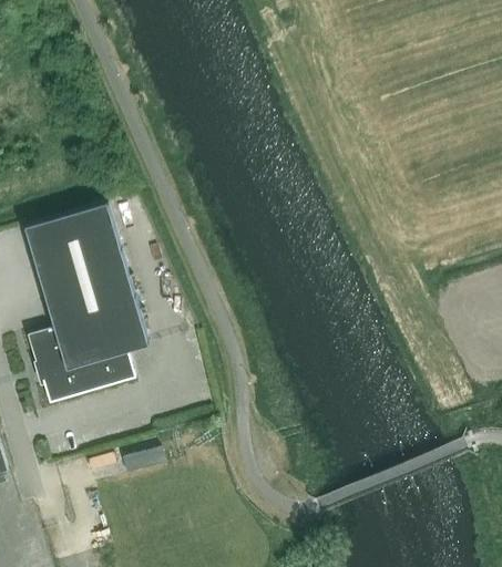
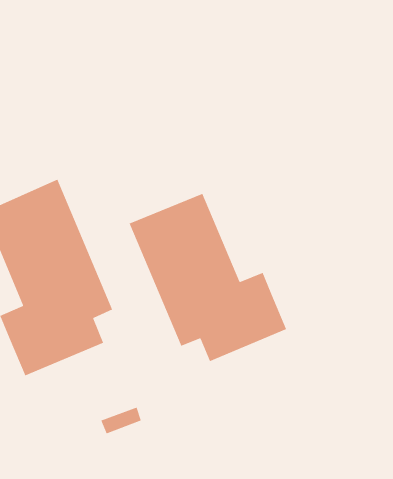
building: none -> [128,193,287,362]

